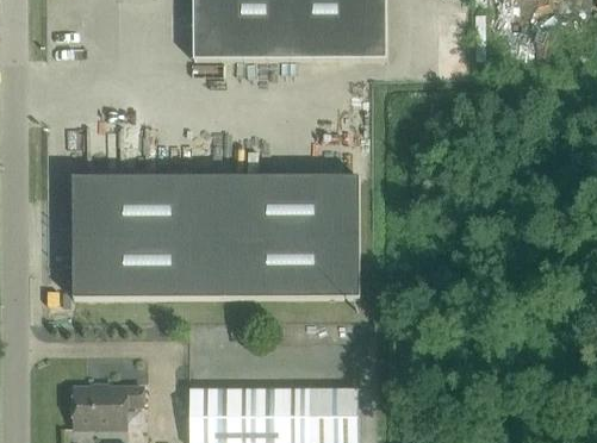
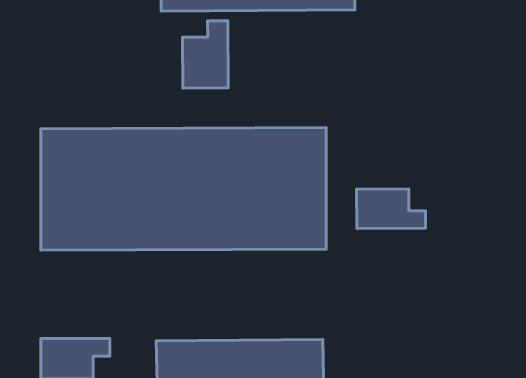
building: none -> [182,21,228,88]
building: none -> [357,189,425,228]

